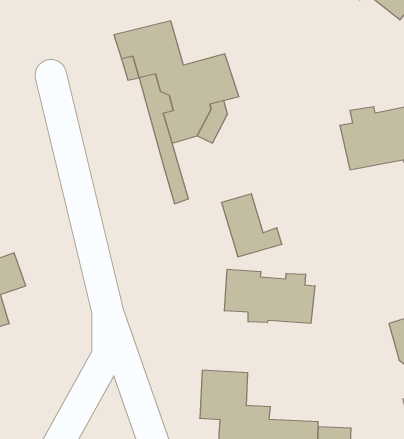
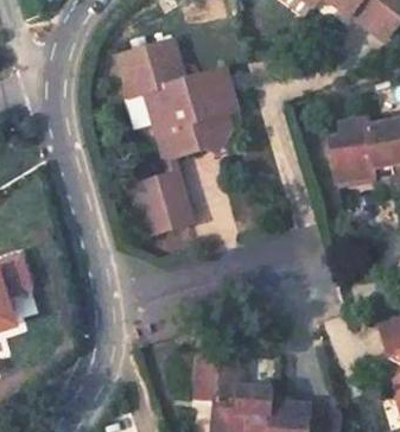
building: [221,194,282,257] -> [138,171,195,230]
building: [225,269,315,323] -> none

